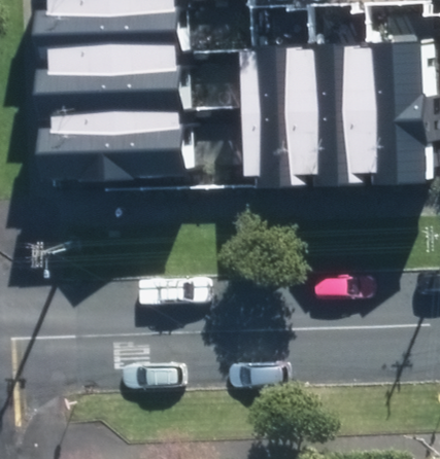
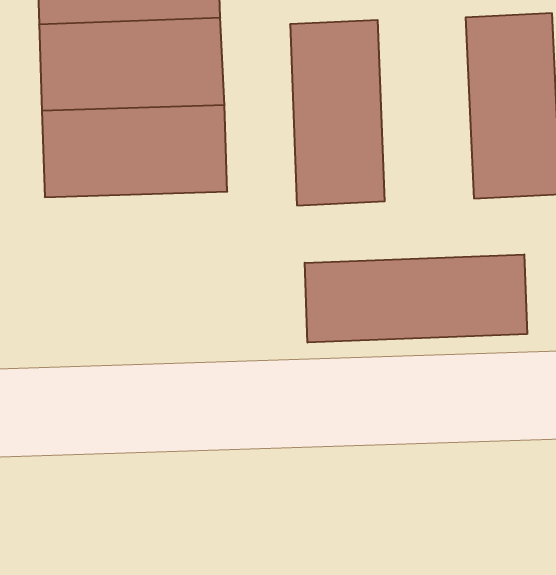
building: [299,45,370,181] -> none
building: none -> [305,254,527,343]

